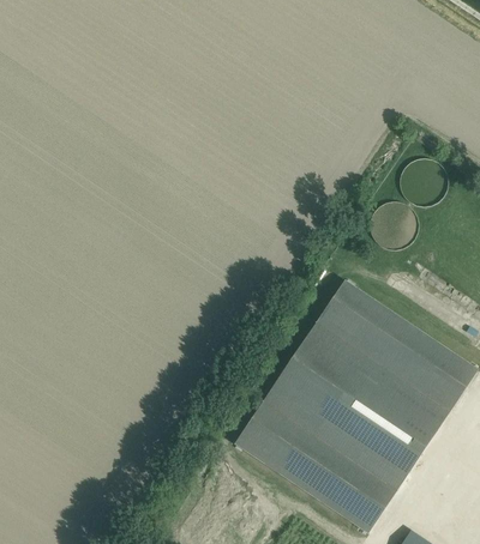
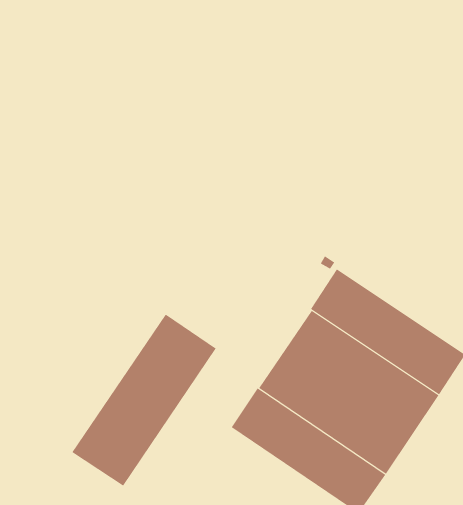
building: none -> [72,314,217,486]

